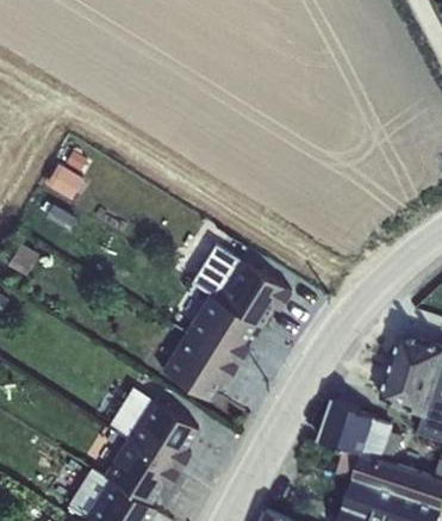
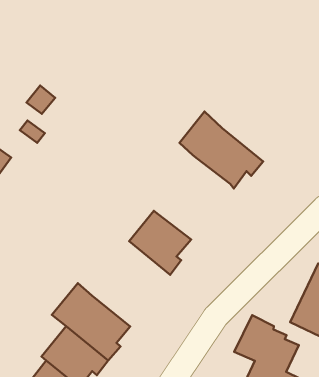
building: [192,243,290,327] -> [180,111,263,189]
building: [162,333,236,399] -> none

